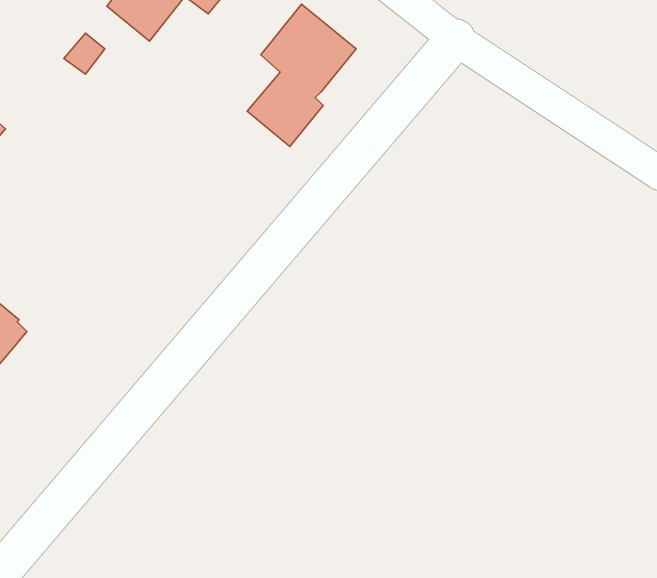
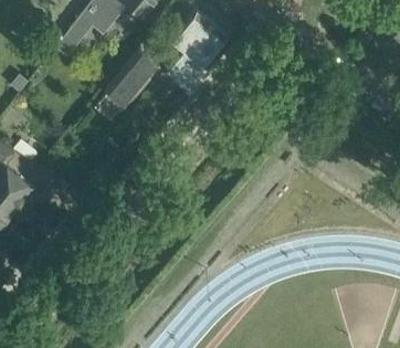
building: none -> [105,50,160,107]

